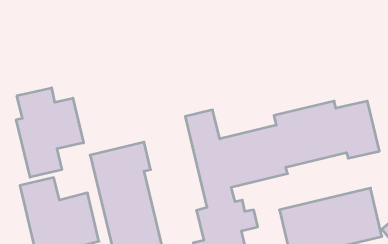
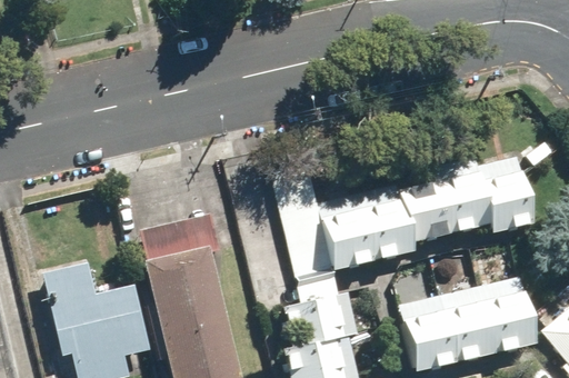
building: [16,88,84,177] -> none

